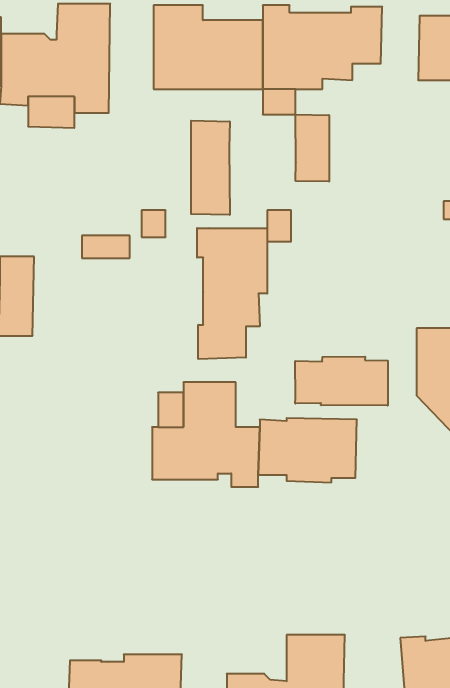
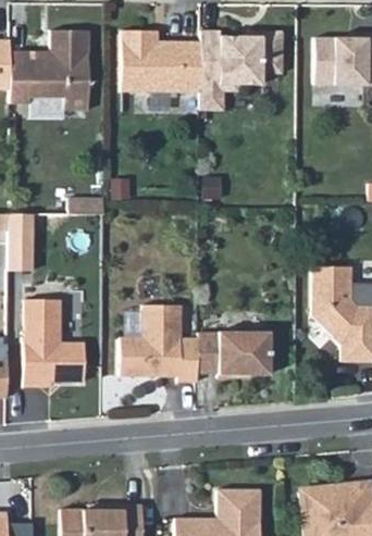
building: [296,114,329,182] -> none
building: [191,121,230,215] -> none
building: [197,228,267,359] -> none
building: [295,357,388,406] -> none
building: none -> [26,297,86,384]

